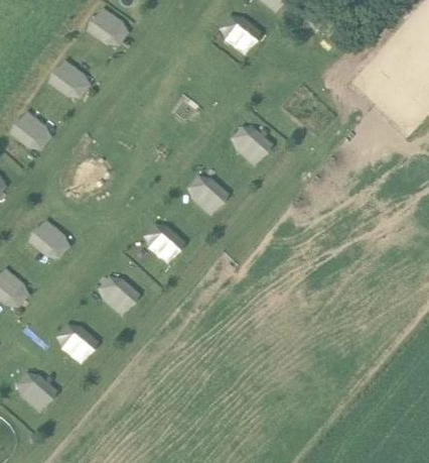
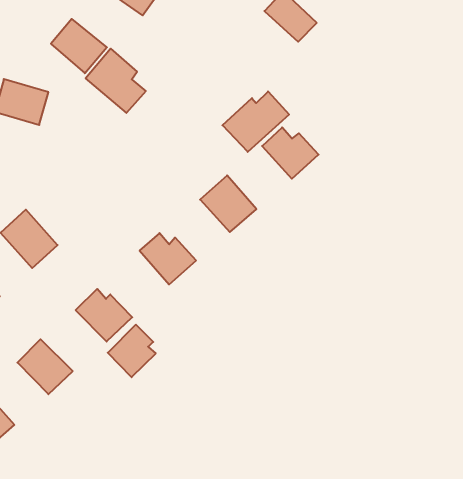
building: none -> [86,49,146,113]
building: none -> [222,91,289,152]
building: none -> [108,325,156,377]

